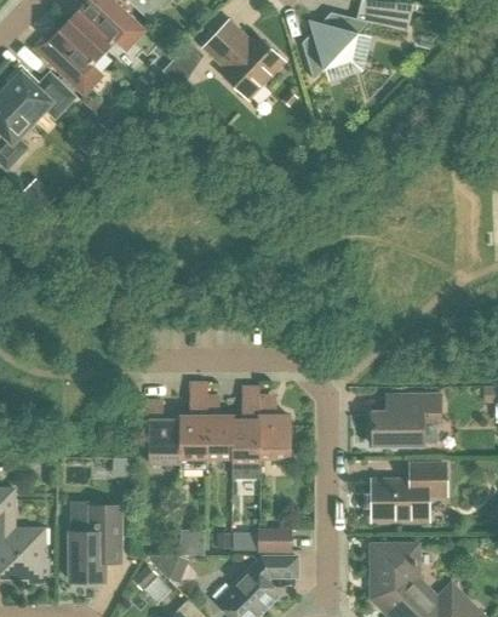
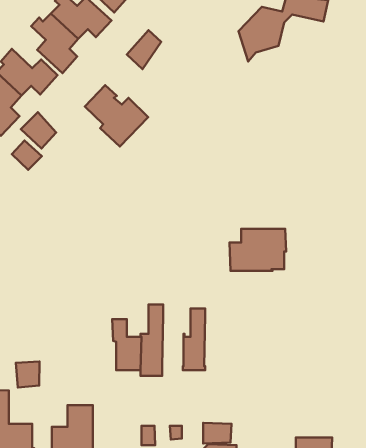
building: [202,19,281,96] -> [85,85,148,147]
building: none -> [21,112,56,148]
building: [206,394,233,457] -> none
building: [258,394,290,457] -> none
building: [371,394,441,446] -> [229,229,286,271]
building: none -> [16,362,40,387]
building: [371,461,447,520] -> none

